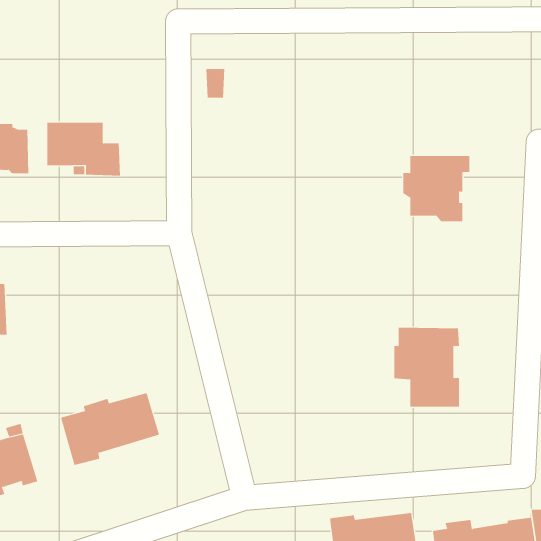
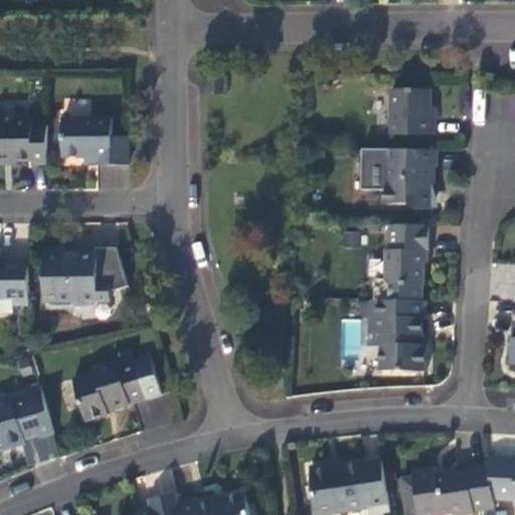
building: none -> [387,90,430,133]
building: none -> [380,223,424,283]
building: none -> [40,248,127,307]

